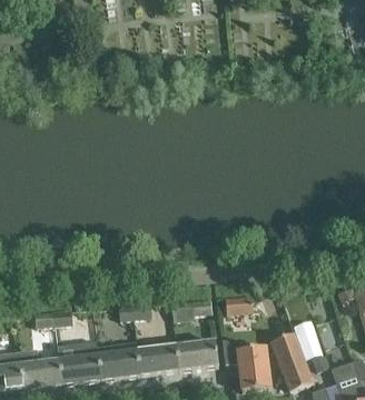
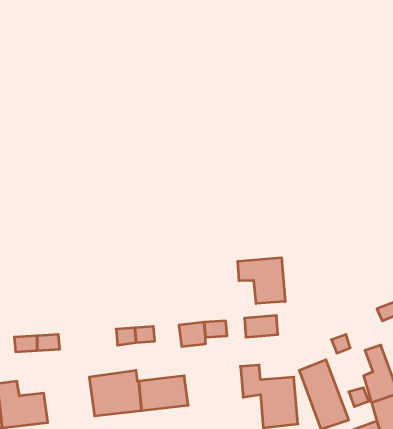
building: none -> [238,258,285,304]
building: [175,340,217,370] -> none
building: [56,341,100,384] -> none

